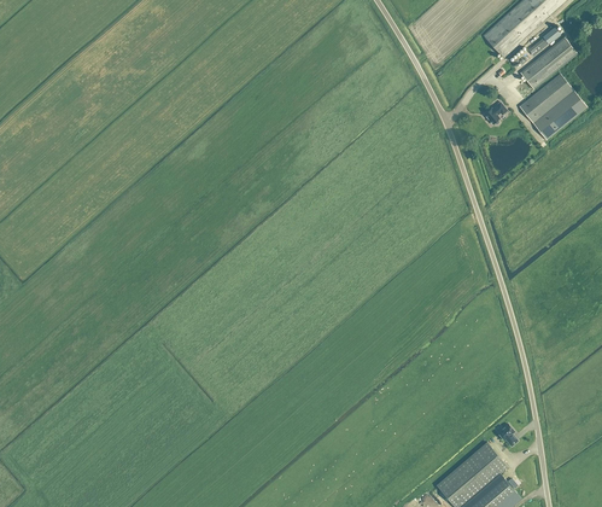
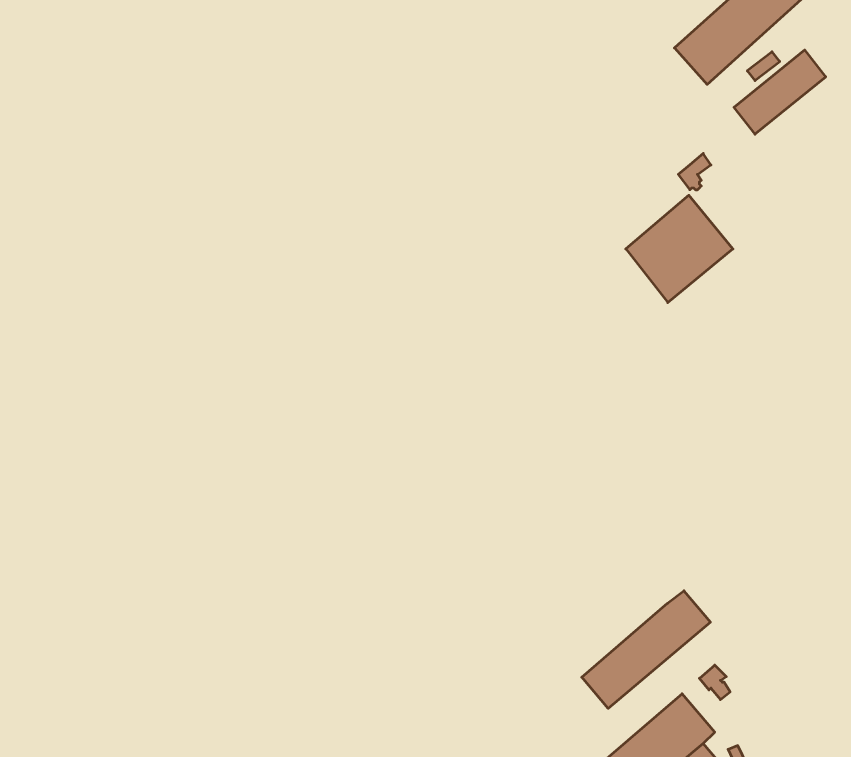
building: [519,71,586,139] -> [626,195,733,303]
building: none -> [582,591,710,708]

